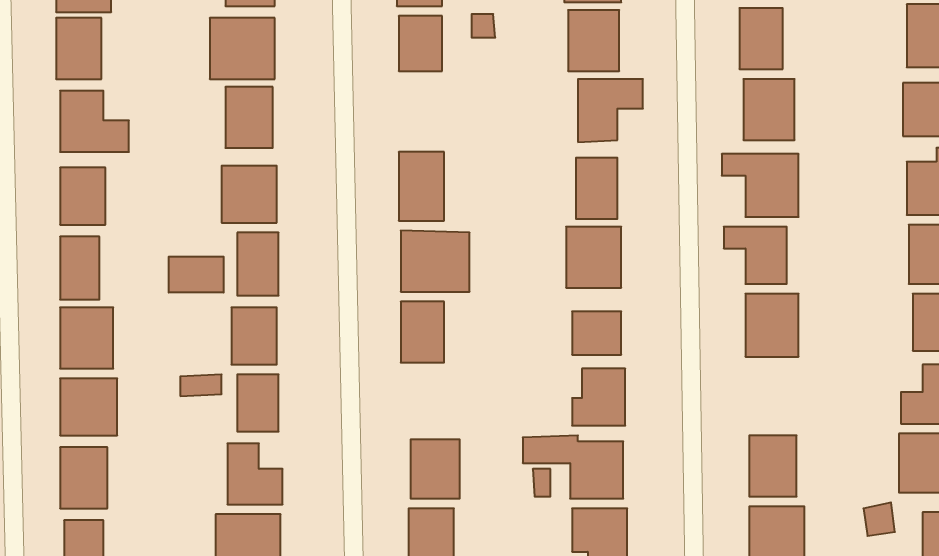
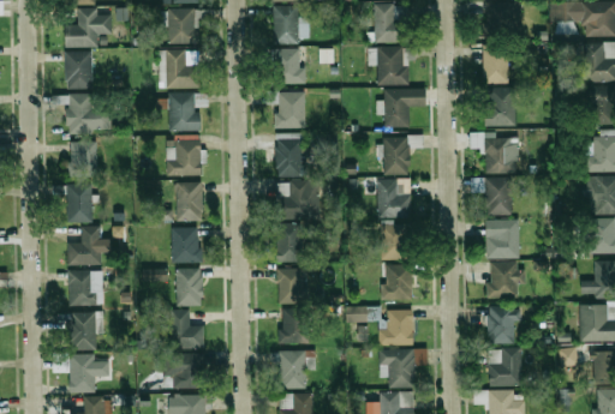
building: none -> [276,92,305,127]
building: [169,257,224,293] -> none
building: none -> [489,263,519,298]
building: none -> [277,269,305,304]

